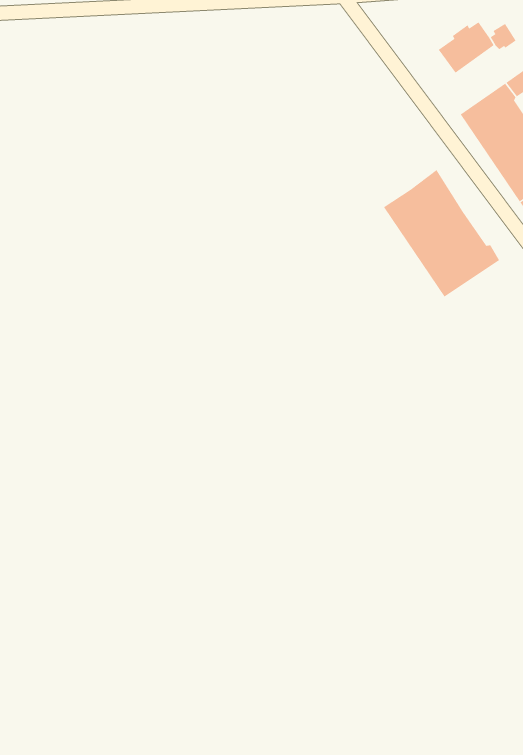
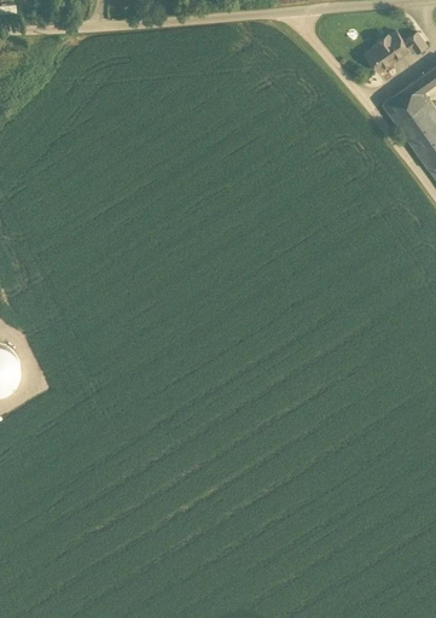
building: [383,169,500,297] -> none

